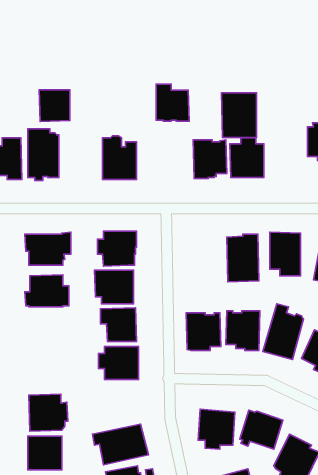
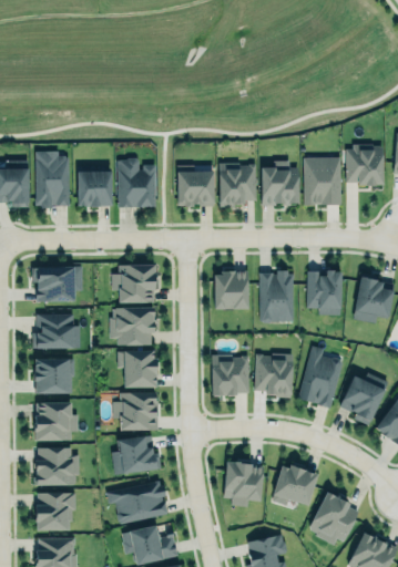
building: [156,84,189,121] -> [178,165,215,206]
building: [39,90,70,122] -> [76,172,111,207]
building: [222,93,256,137] -> [302,155,340,205]
building: none -> [214,270,248,309]
building: none -> [34,352,74,389]
building: none -> [34,402,78,441]
building: none -> [109,431,162,474]

